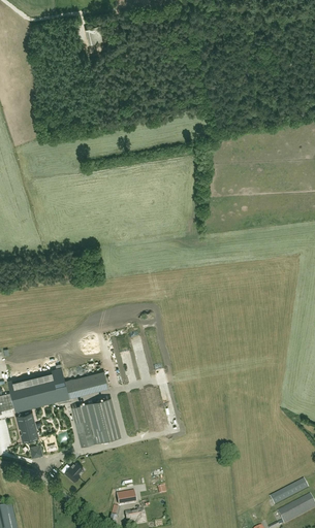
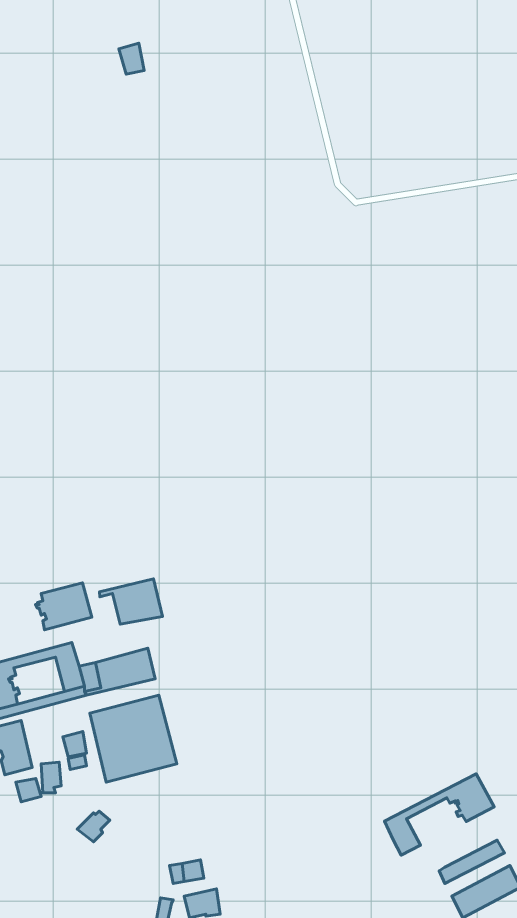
building: none -> [99,579,162,624]
building: [24,376,56,403] -> [36,583,92,630]
building: none -> [385,774,494,855]

